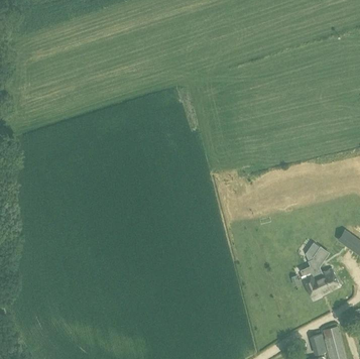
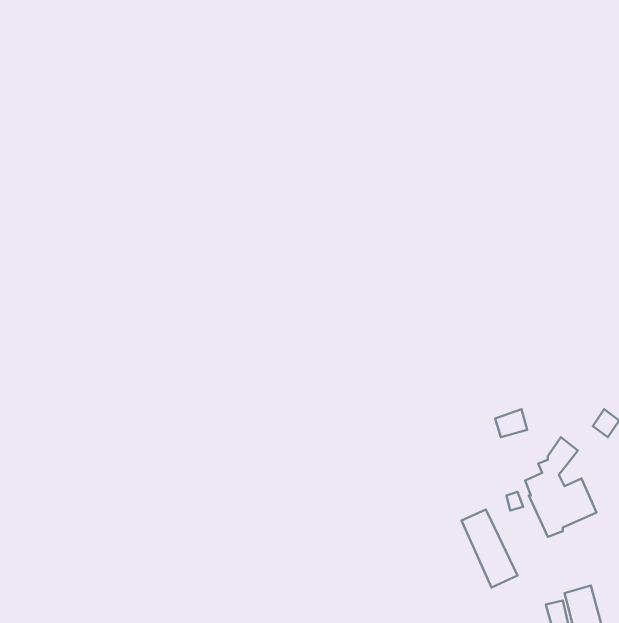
building: none -> [461,510,517,587]

